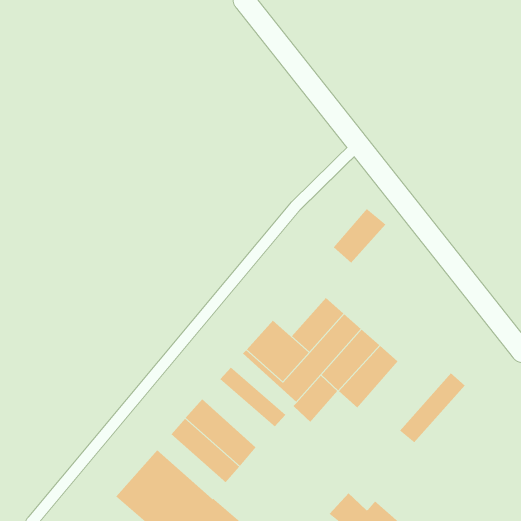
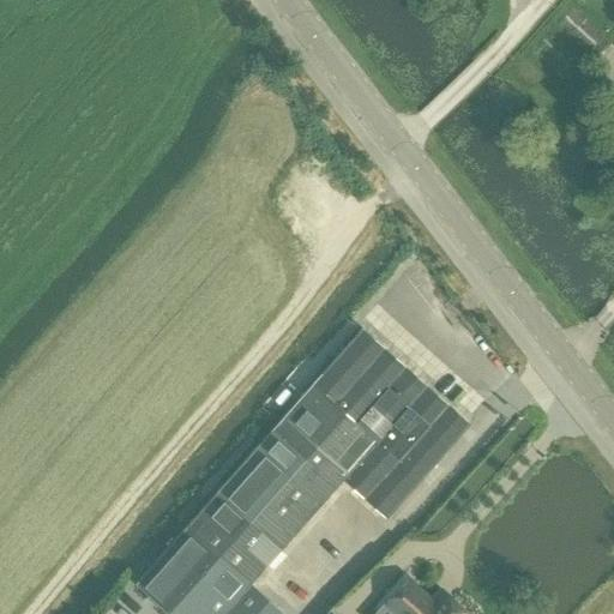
building: [333,208,386,263] -> [321,331,384,396]
building: none -> [272,416,349,488]
building: [399,372,466,443] -> none
building: none -> [239,446,324,526]
building: none -> [366,460,421,517]
building: none -> [186,511,266,586]

